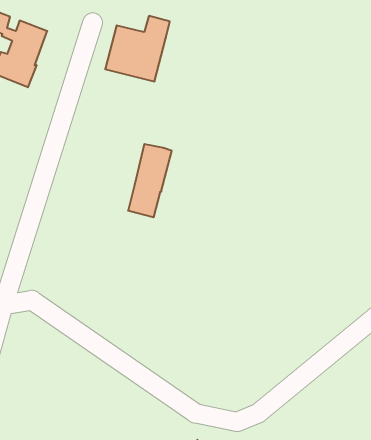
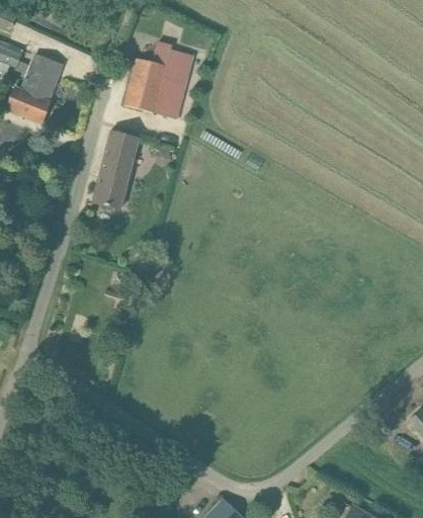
building: [128,144,172,217] -> [93,132,140,209]

